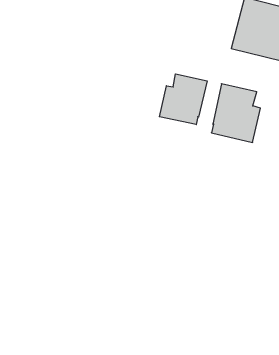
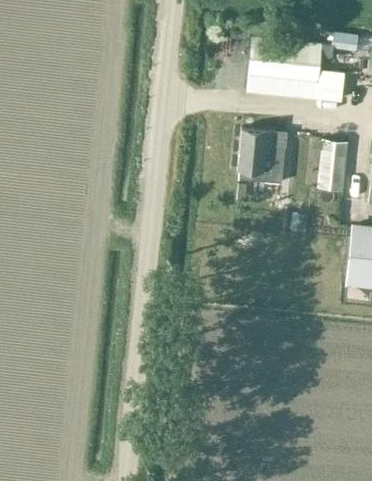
building: [159,74,207,125] -> none

